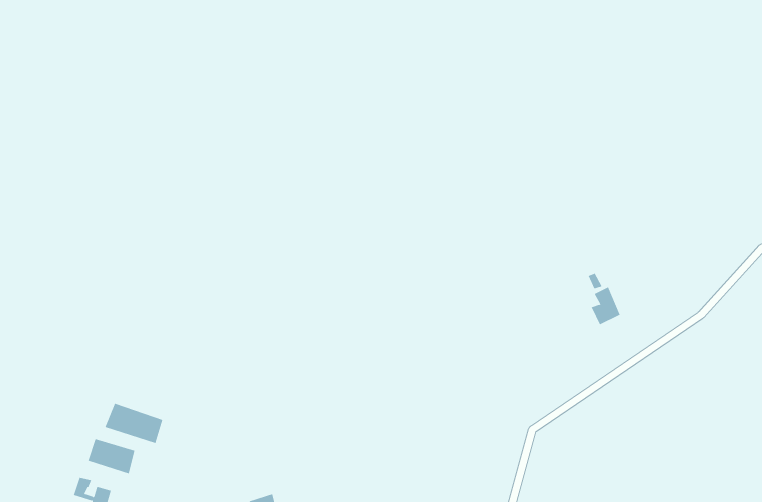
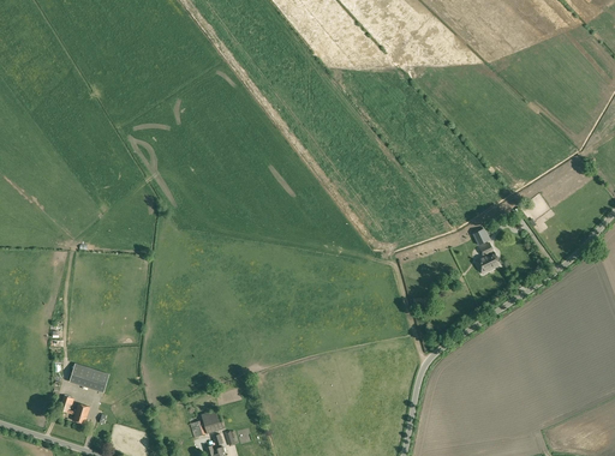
building: [105,403,163,444] -> none

